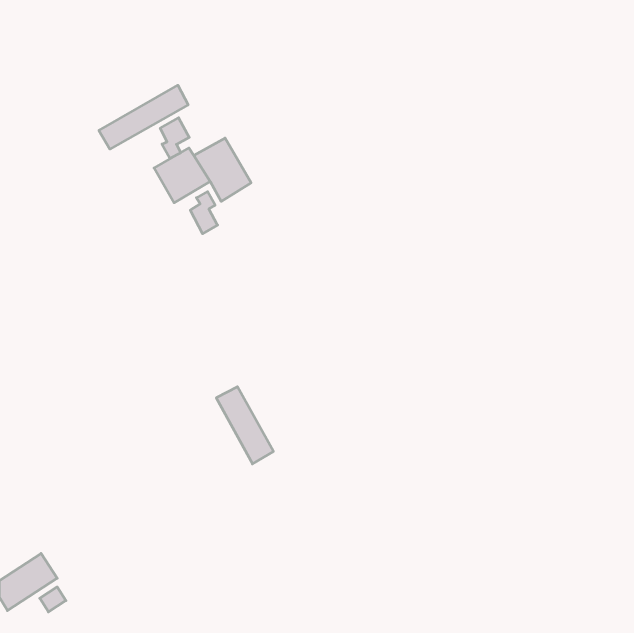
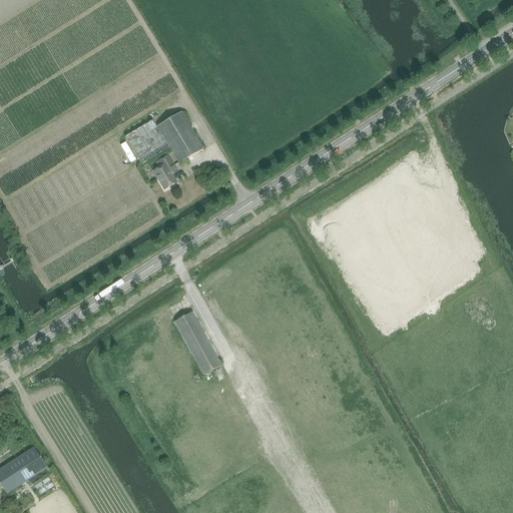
building: [99,85,188,149] -> none
building: [160,118,189,159] -> none

